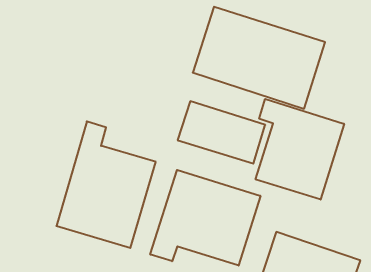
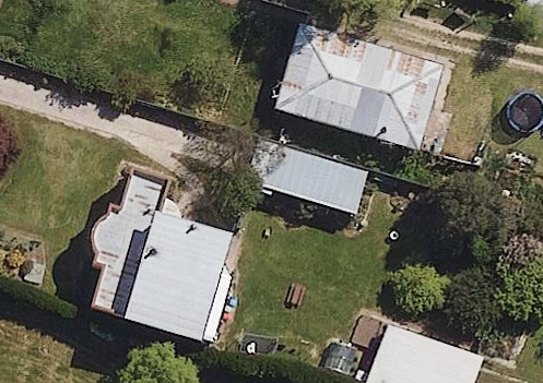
building: [256,99,344,200] -> none
building: [150,170,260,266] -> none

